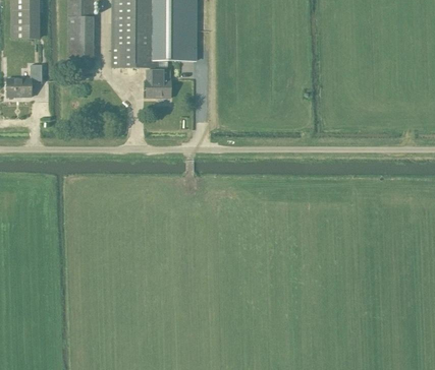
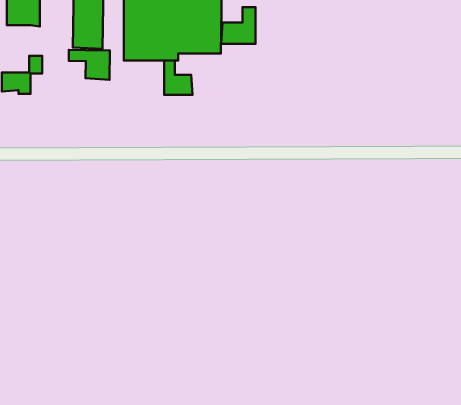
building: none -> [221,7,255,44]
building: none -> [69,50,110,80]

